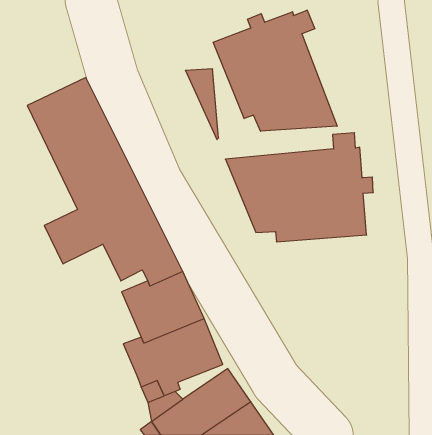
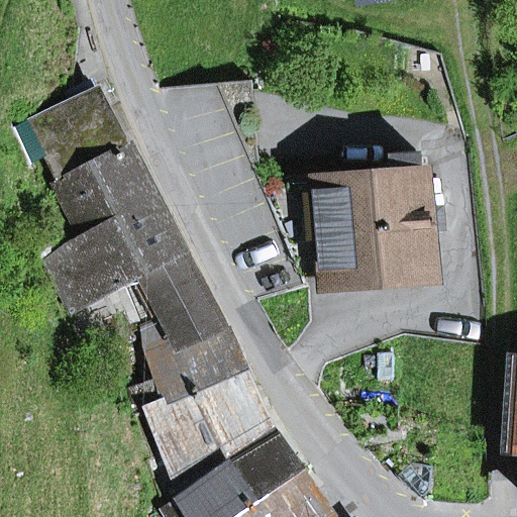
building: [213,10,337,131] -> none

